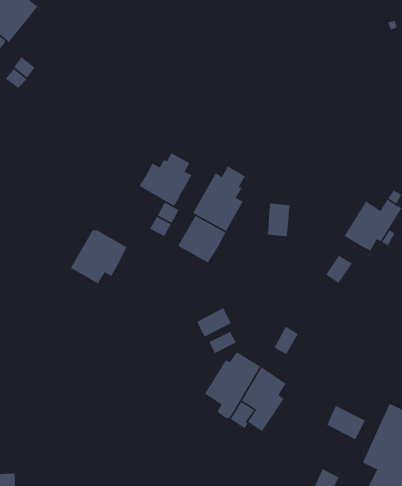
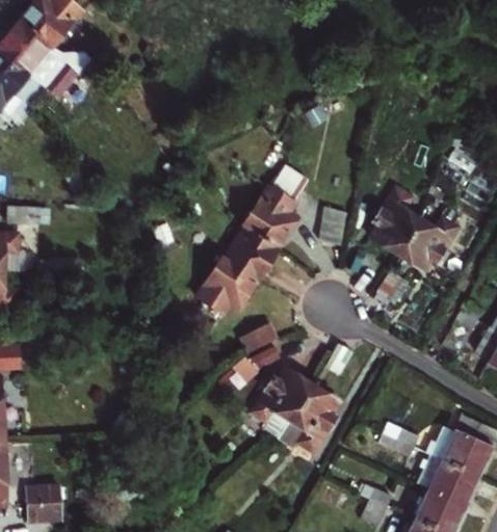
building: [139,152,192,207] -> none
building: none -> [368,182,418,248]
building: [70,229,128,284] -> [198,259,257,315]

